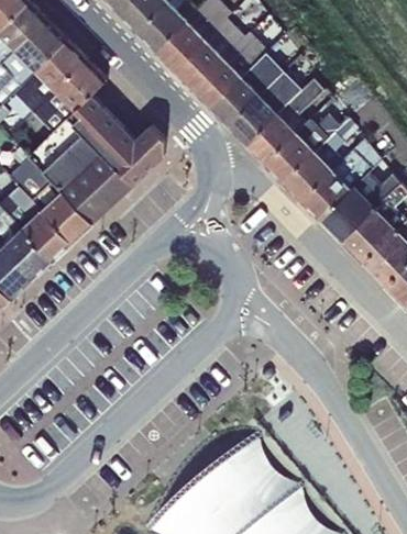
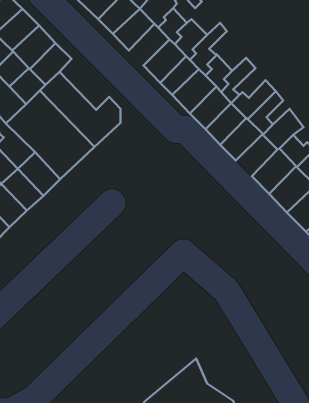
building: [173,37,221,87] -> none
building: [300,168,350,219] -> none

